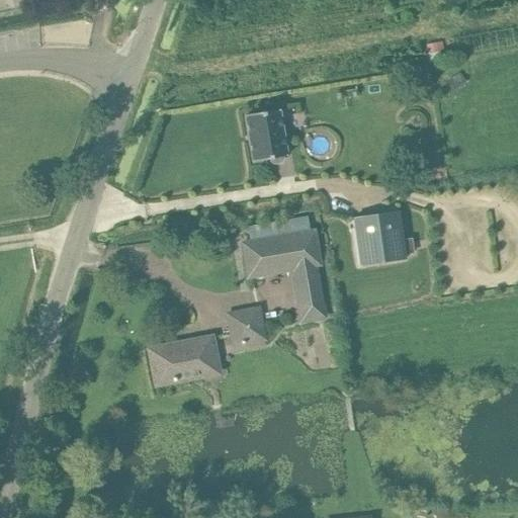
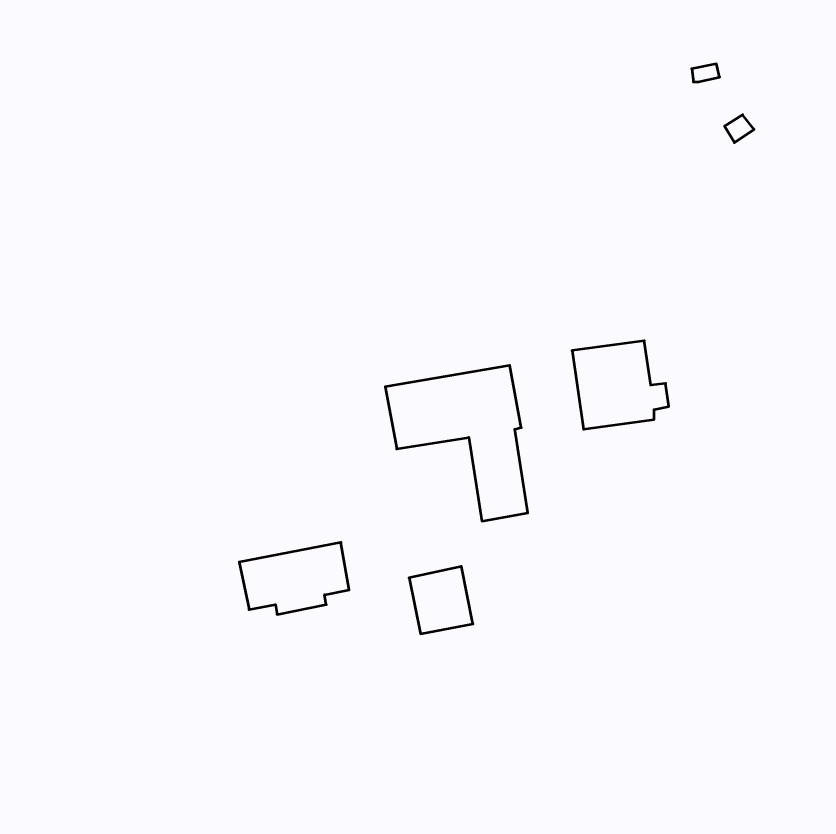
building: [247,108,287,163] -> none
building: [226,305,265,346] -> [409,566,473,634]

